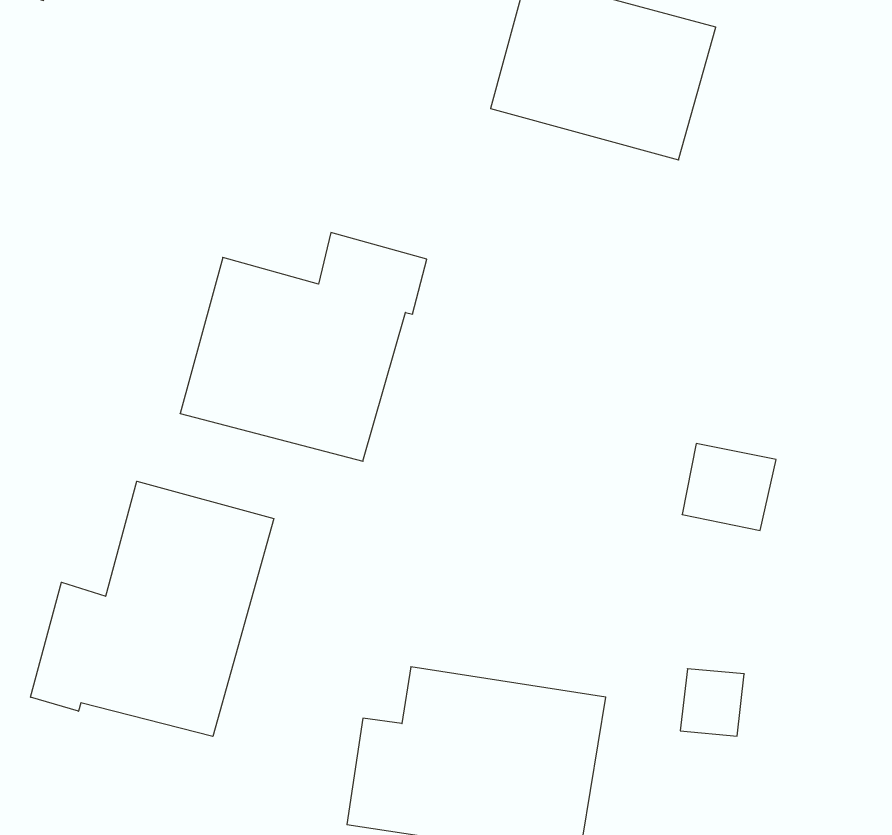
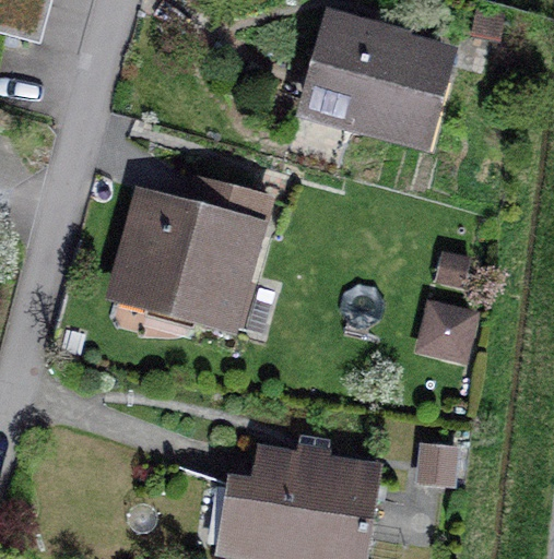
building: [31,481,274,736] -> none

